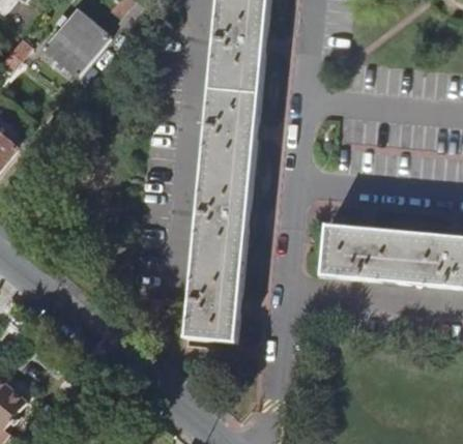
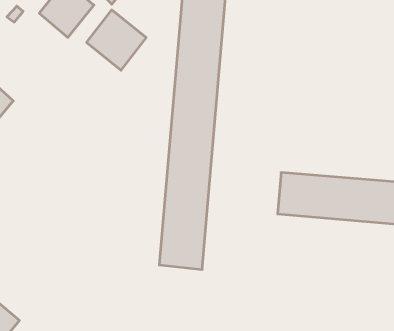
building: none -> [87,10,146,70]

